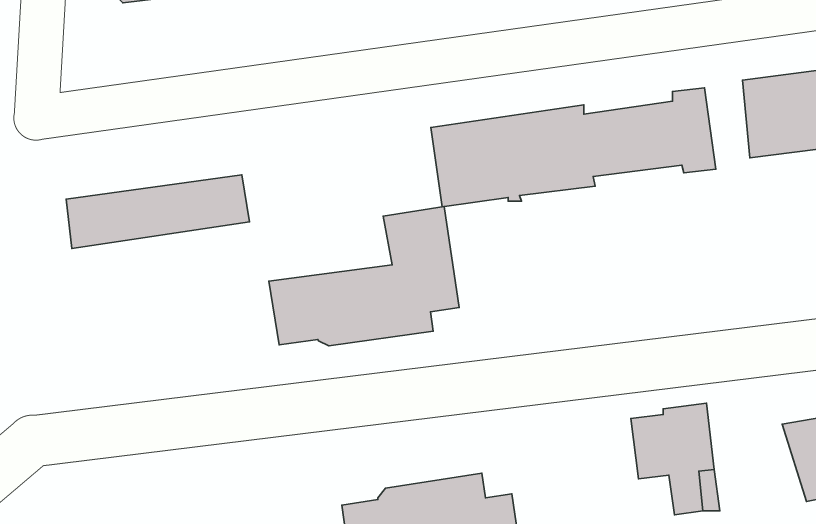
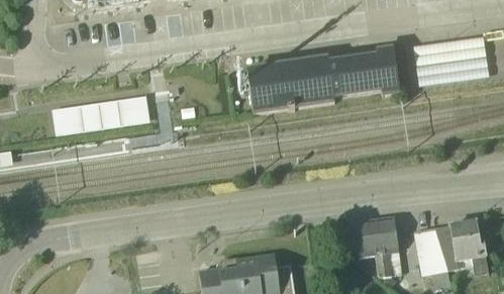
building: [269,207,459,346] -> none
building: none -> [413,228,447,276]

